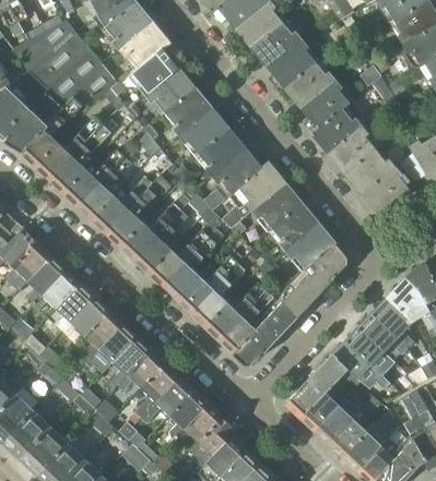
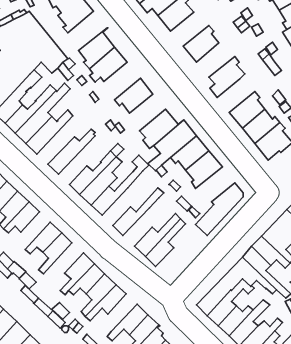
building: [117,21,168,72] -> none
building: [251,22,302,67] -> none
building: [285,62,335,107] -> none
building: [164,87,212,136] -> none
building: [313,103,362,153] -> none
building: [198,129,245,177] -> none
building: [76,157,132,220] -> none
building: [105,176,170,246] -> none
building: [284,224,335,269] -> none
building: [162,229,224,300] -> none
building: [189,264,244,327] -> none
building: [55,282,94,332] -> none
building: [232,299,299,365] -> none
building: [85,323,138,369] -> none
building: [168,389,208,438] -> none

